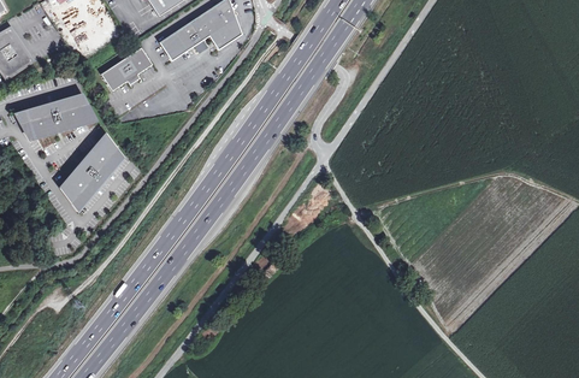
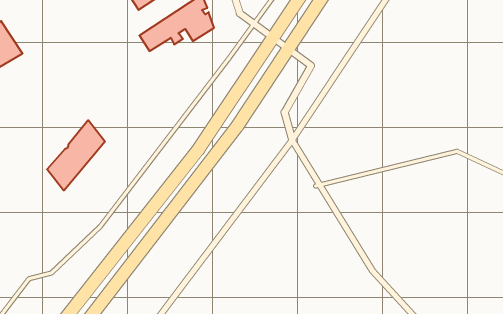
building: [100,48,150,91] -> none
building: [14,95,95,140] -> none

